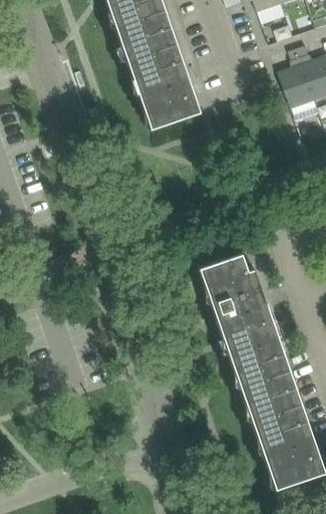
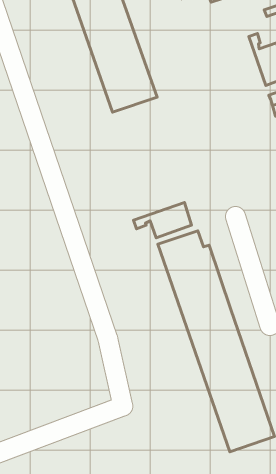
building: [278,48,315,108] -> none
building: none -> [133,203,191,238]

